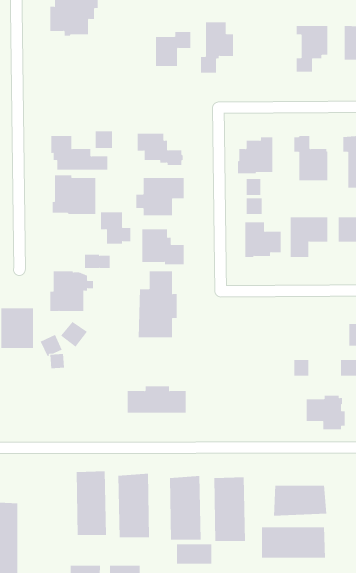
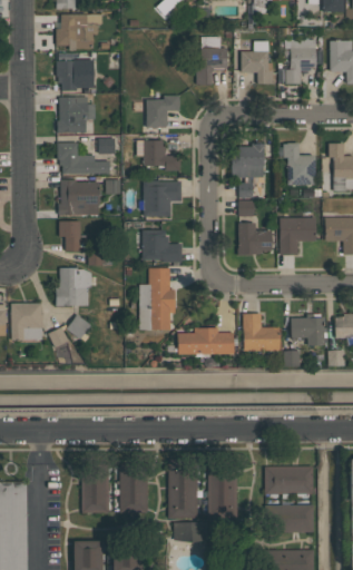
building: none -> [242,41,280,85]
building: [155,32,191,66] -> [147,96,180,128]
building: none -> [57,60,95,91]
building: none -> [58,97,96,134]
building: [100,212,131,244] -> [60,220,89,250]
building: none -> [243,314,280,351]
building: [127,386,187,413] -> [178,328,234,354]
building: [306,395,345,430] -> [291,314,327,346]

